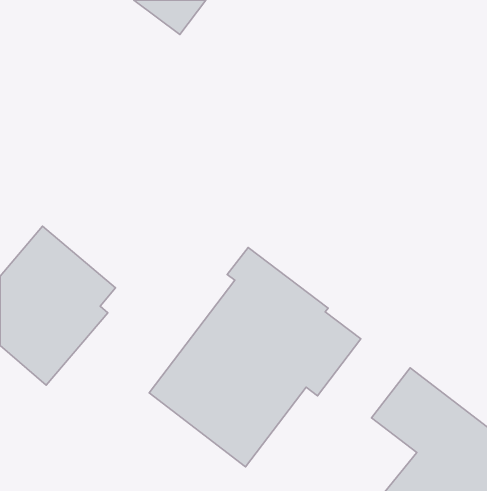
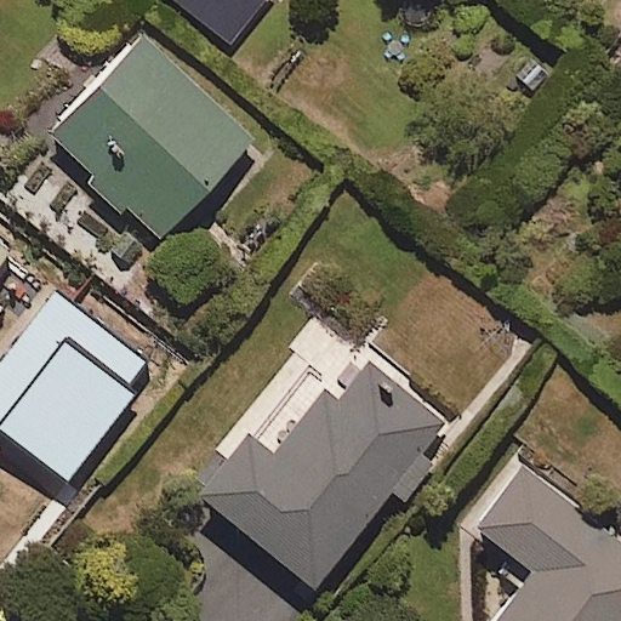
building: none -> [47,34,253,240]

